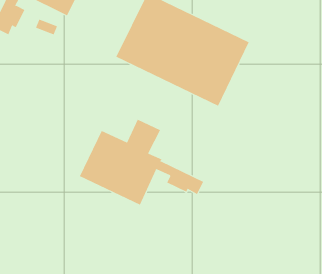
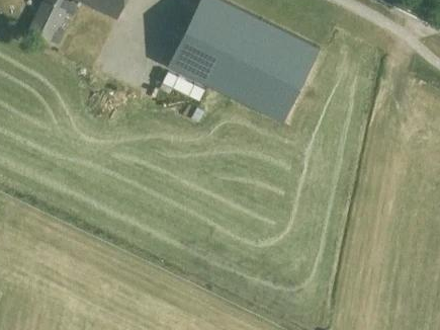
building: [79,119,204,205] -> none

